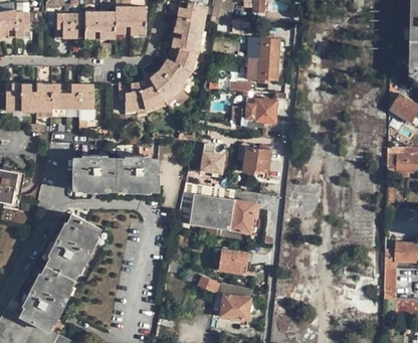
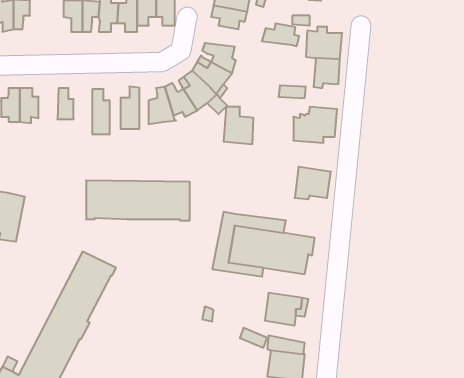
building: [169,33,199,51] -> [262,24,299,46]
building: [35,83,51,112] -> none
building: [63,83,78,118] -> [121,86,139,129]
building: [200,145,224,175] -> [224,107,254,144]

